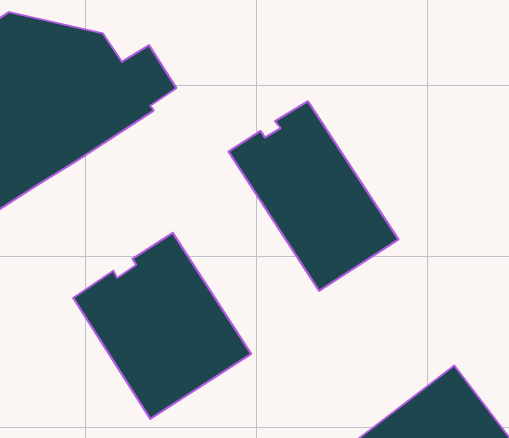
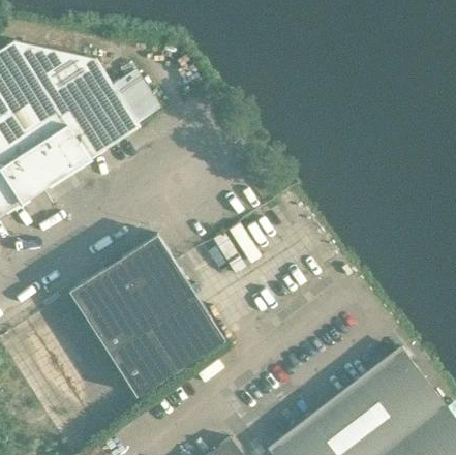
building: [229,101,398,291] -> none

